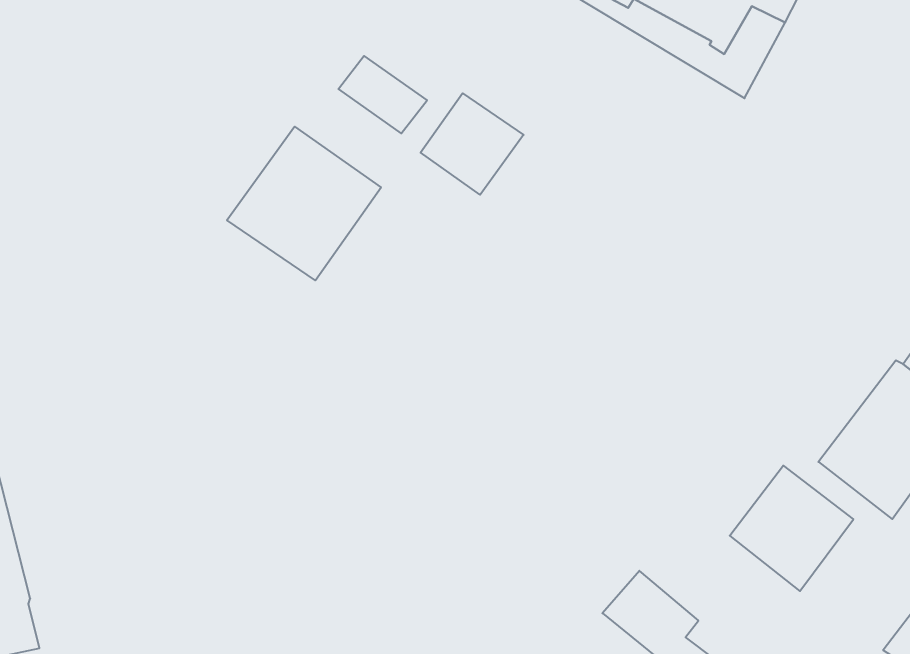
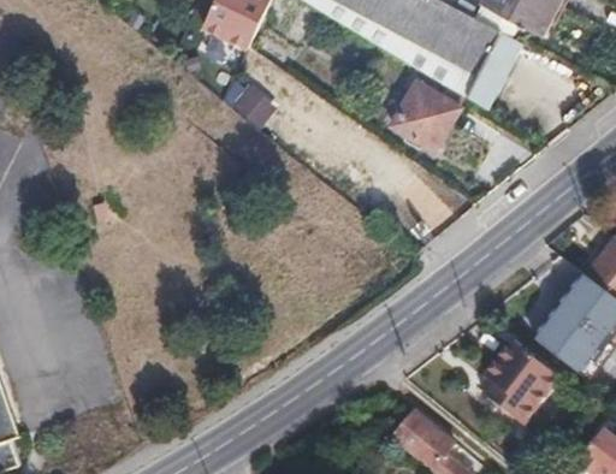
building: none -> [391,82,458,149]
building: [421,93,524,195] -> none
building: [227,127,381,280] -> none

